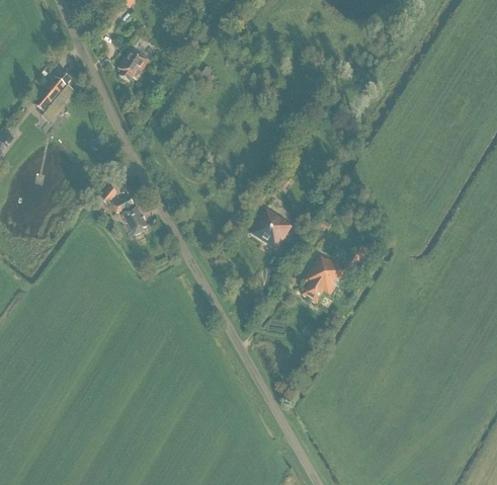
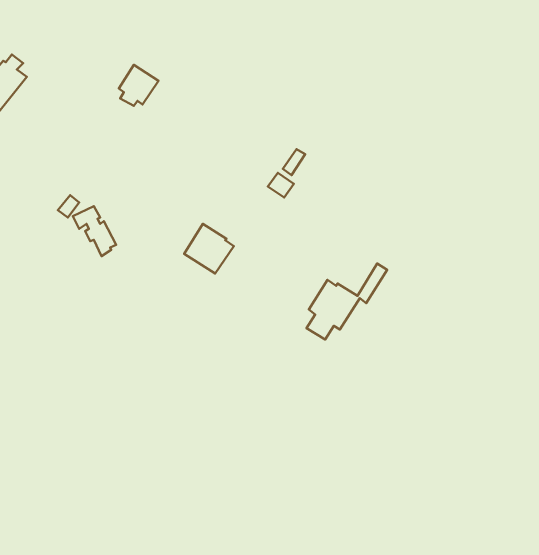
building: [117,47,150,80] -> [119,65,159,106]
building: [251,207,292,247] -> [184,224,234,274]

